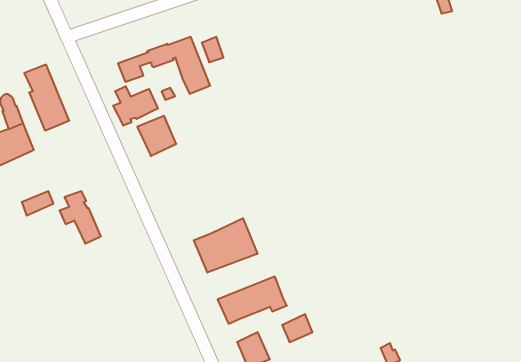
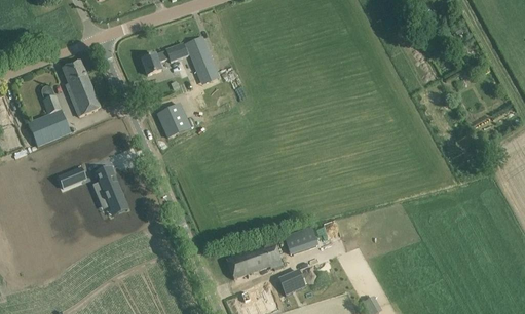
building: [113,86,158,126] -> none
building: [194,218,257,273] -> none
building: none -> [286,228,317,253]

